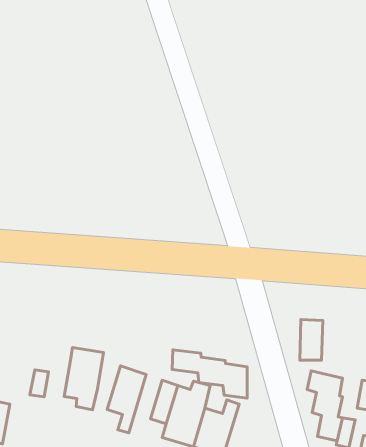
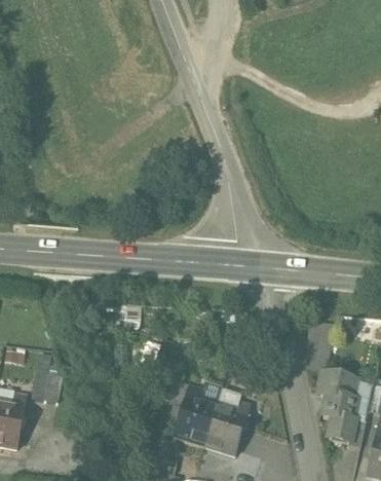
building: [64,347,104,410] -> none
building: [172,350,247,398] -> none
building: [107,366,146,433] -> none

